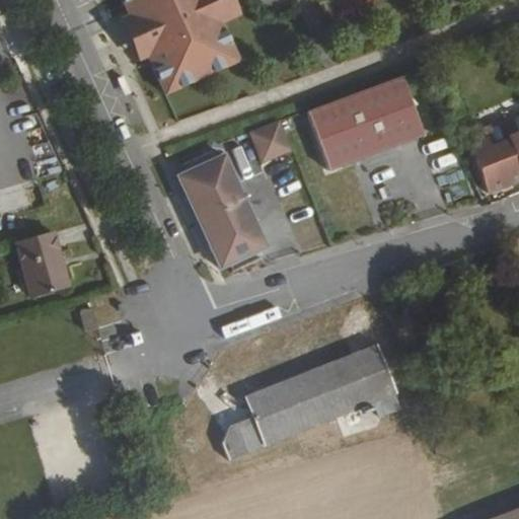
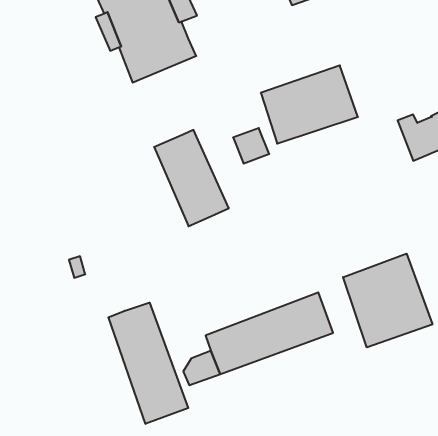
building: [251,119,294,160] -> [233,128,269,163]
building: [16,234,69,297] -> none
building: none -> [343,254,432,347]
building: none -> [108,303,188,424]

